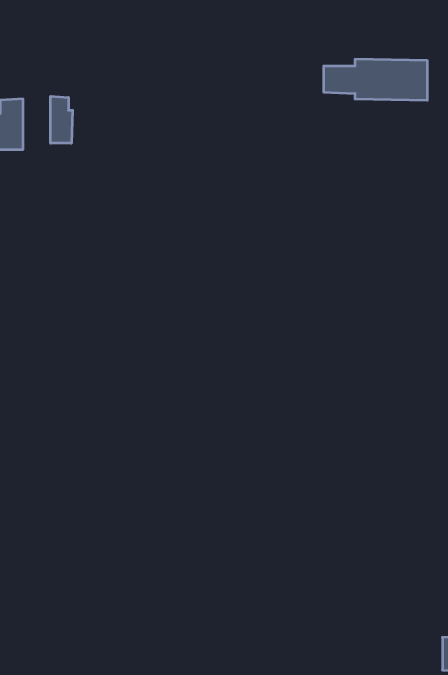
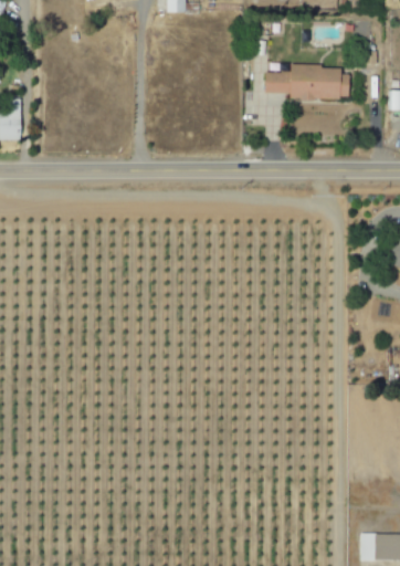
building: [51,96,73,143] -> none

